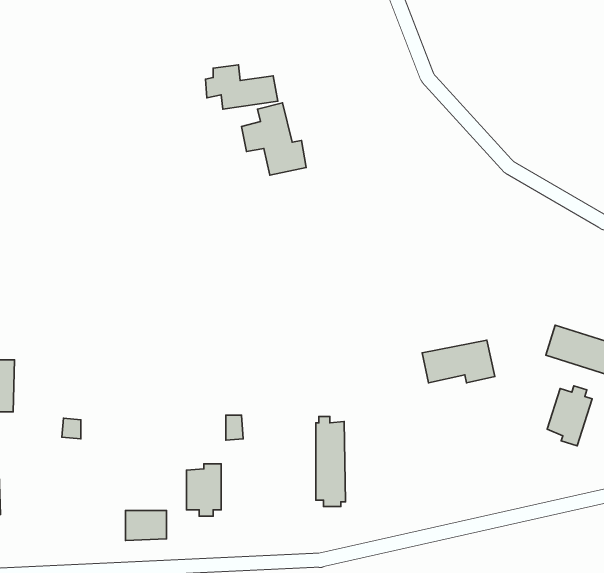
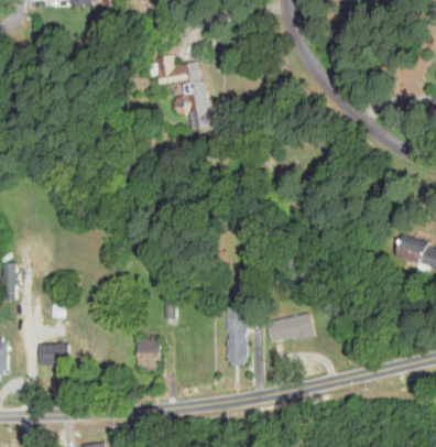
building: [422,340,495,383] -> [268,310,318,340]
building: [547,386,592,446] -> none
building: [126,510,167,540] -> [40,344,68,364]

